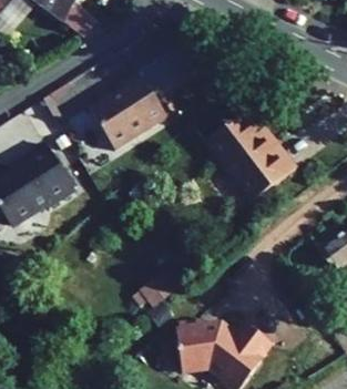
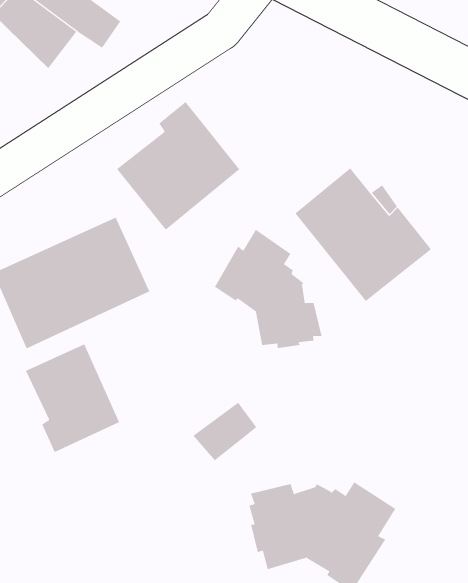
building: none -> [214,229,322,349]
building: none -> [25,343,120,453]

